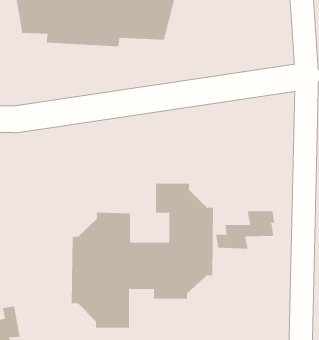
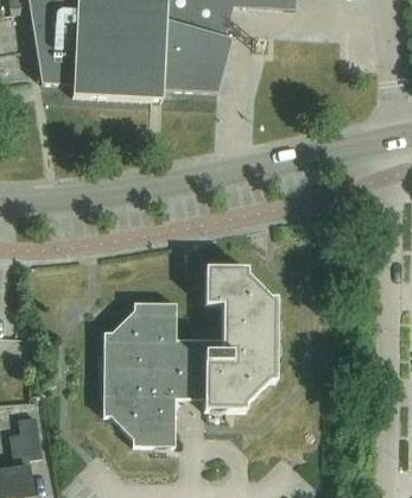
building: [215,211,275,249] -> none

